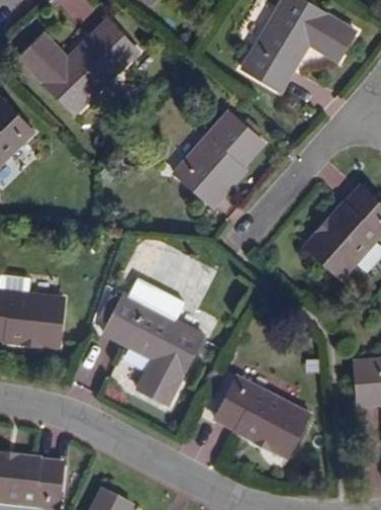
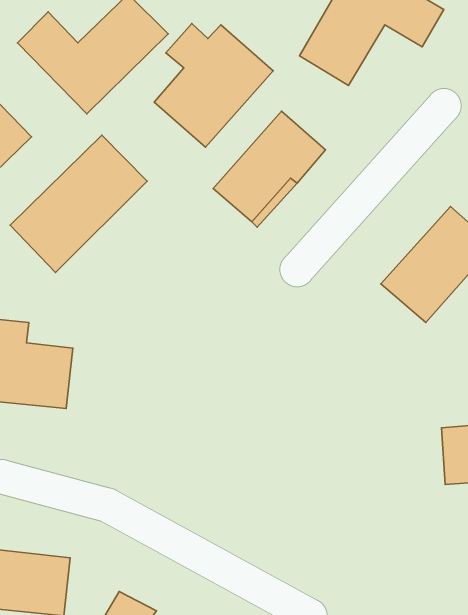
building: none -> [154,24,273,147]
building: none -> [10,135,147,273]
building: [102,285,203,405] -> none
building: [214,376,308,456] -> none

